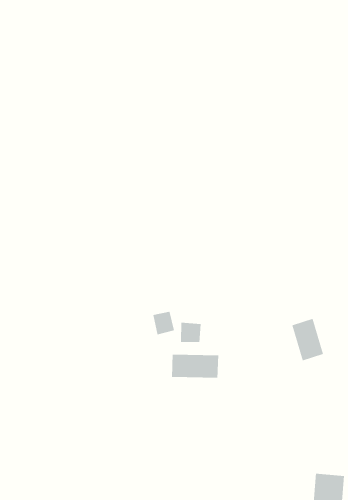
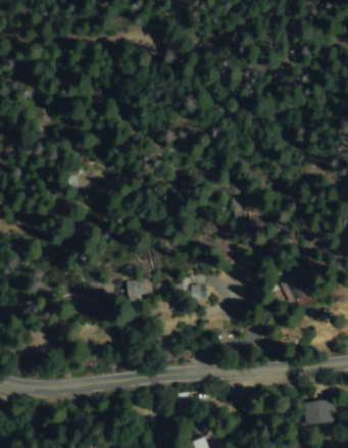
building: none -> [126,279,147,302]
building: [171,354,219,378] -> none

